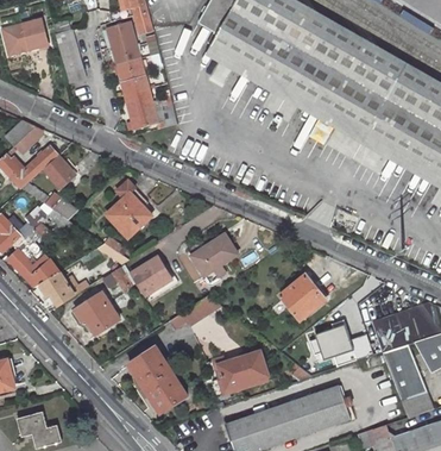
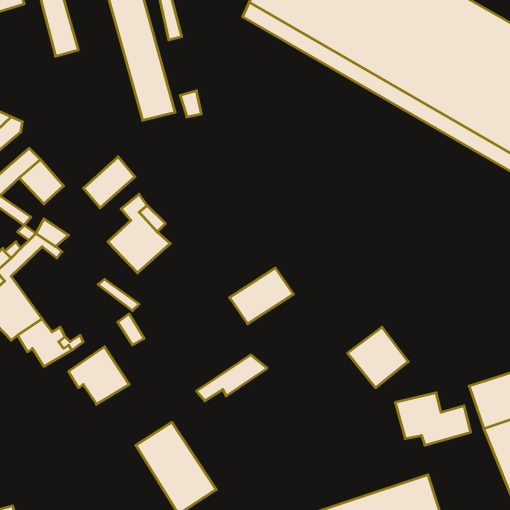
building: none -> [83,157,135,208]
building: [136,256,177,297] -> none
building: [218,355,264,393] -> none

